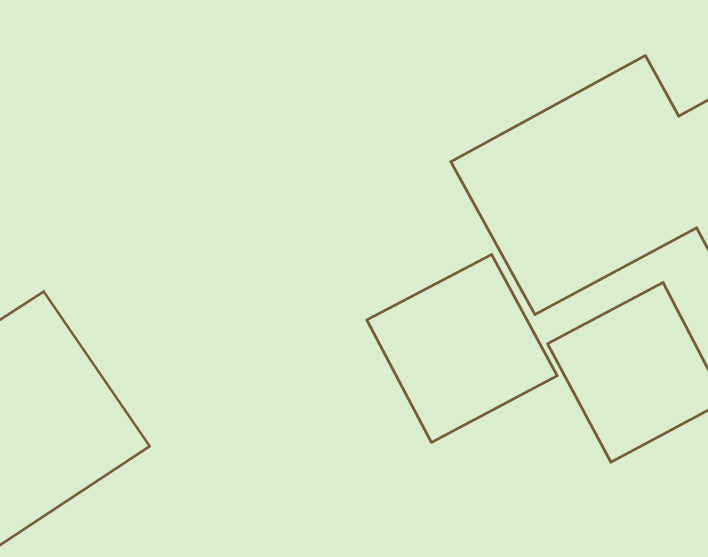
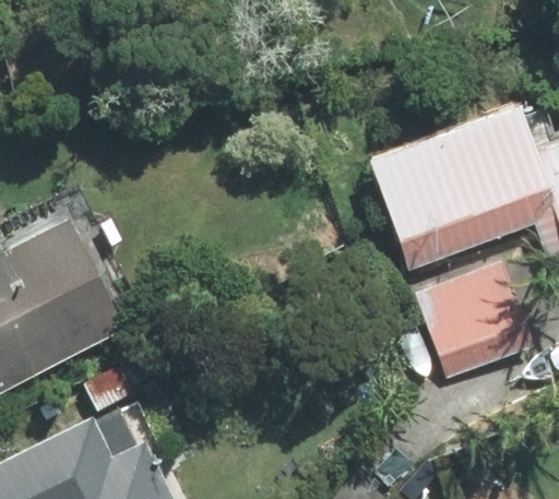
building: [367,254,557,442] -> none

